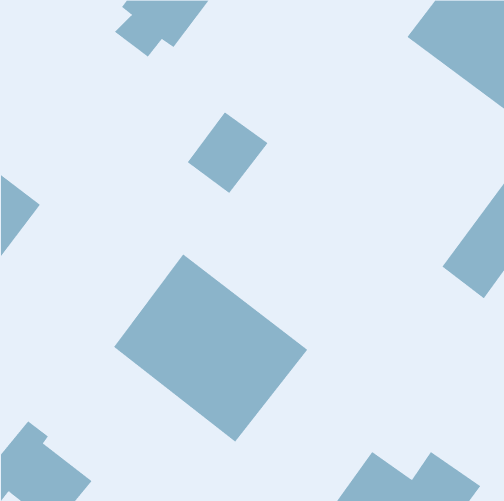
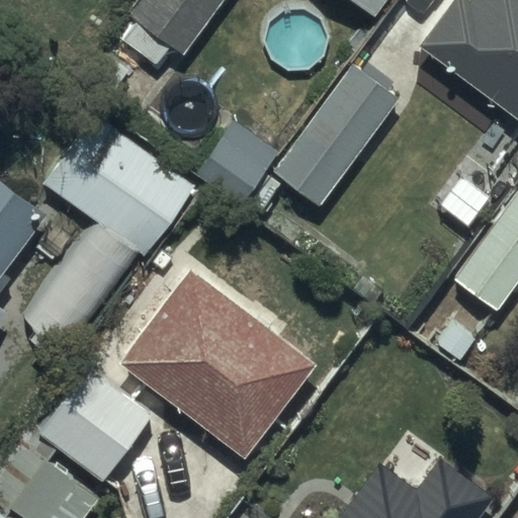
building: none -> [272,66,397,205]
building: none -> [44,113,196,257]
building: none -> [39,366,152,482]

